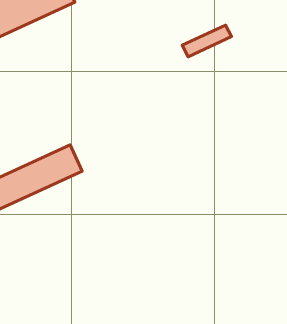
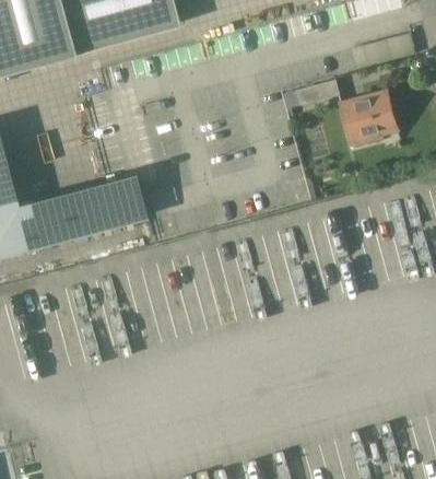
building: none -> [342,91,397,145]

